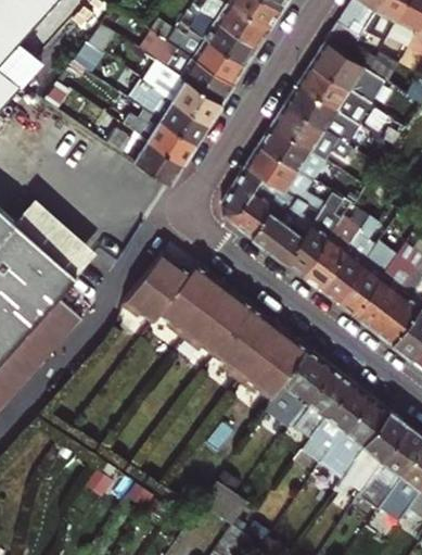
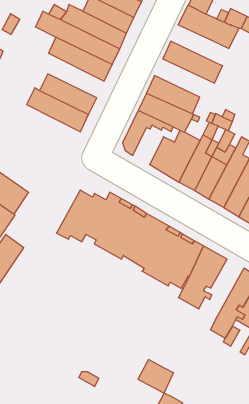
building: [297,66,353,119] -> none
building: [128,80,207,144] -> none
building: [271,106,358,165] -> none
building: [231,188,294,237] -> none
building: [289,368,351,441] -> none

